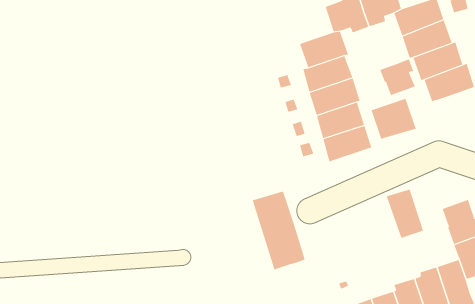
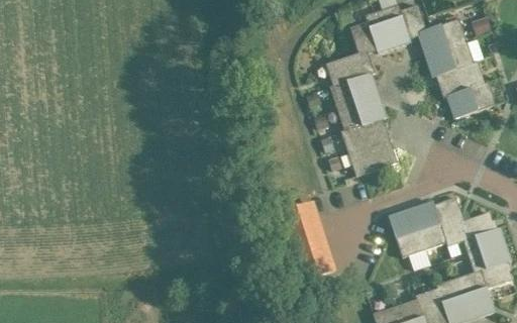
building: [380,59,415,96] -> none
building: [371,98,416,140] -> none
building: none -> [434,198,470,244]
building: none -> [388,209,424,255]

